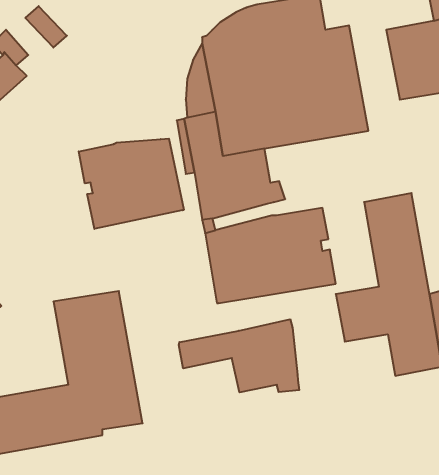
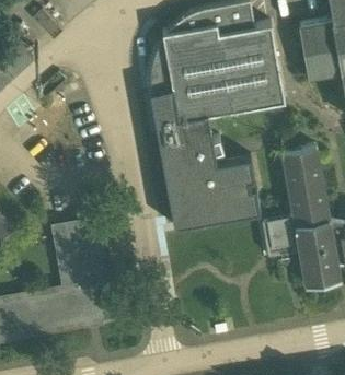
building: [79,139,184,229] -> none
building: [179,319,299,392] -> none

